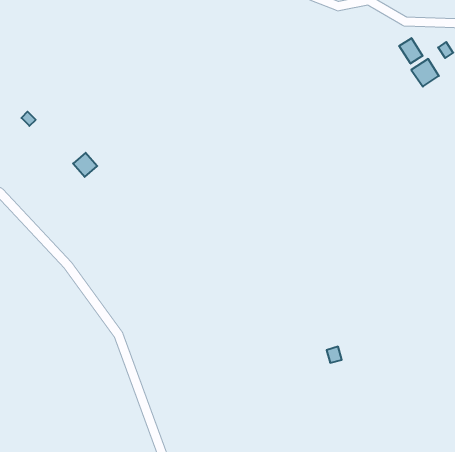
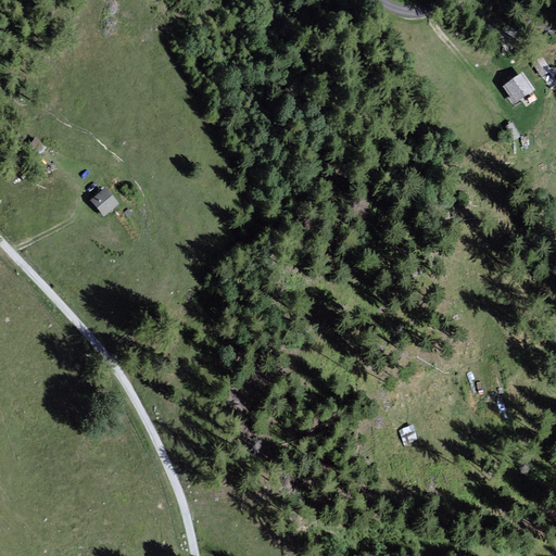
building: [399,38,423,64] -> none

